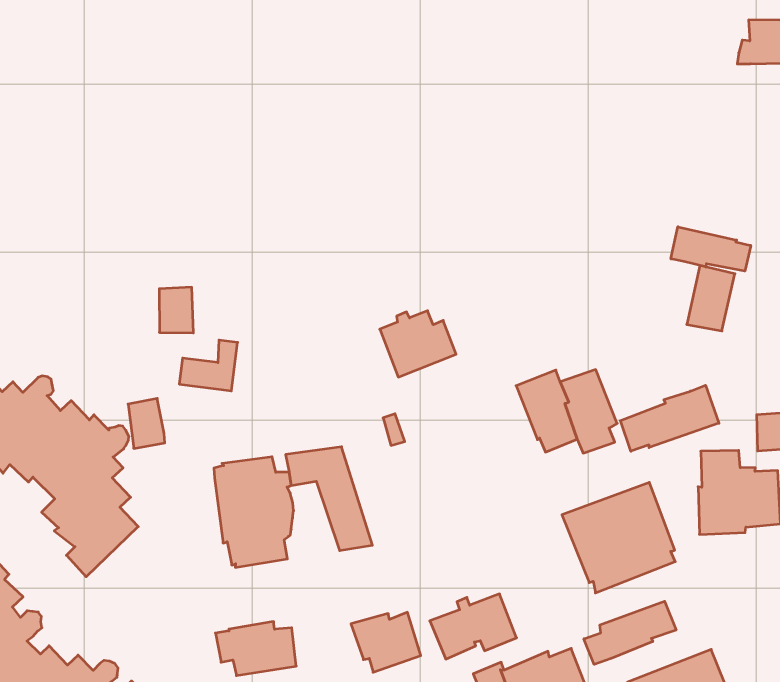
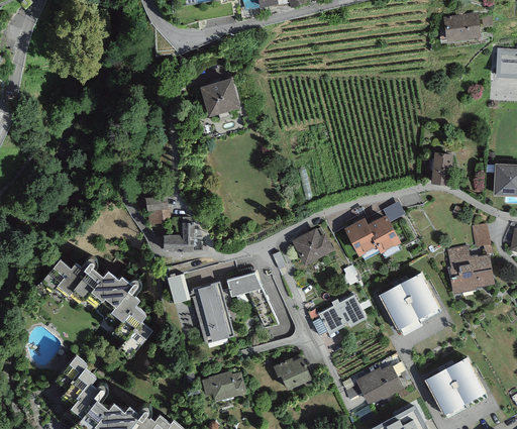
building: none -> [204,82,237,113]
building: [671,227,751,271] -> none
building: [380,311,456,377] -> [292,228,334,265]
building: [620,385,719,451] -> none
building: [128,398,165,448] -> [168,275,190,303]
building: [430,594,517,659] -> [319,296,367,334]
building: [584,601,676,664] -> none

